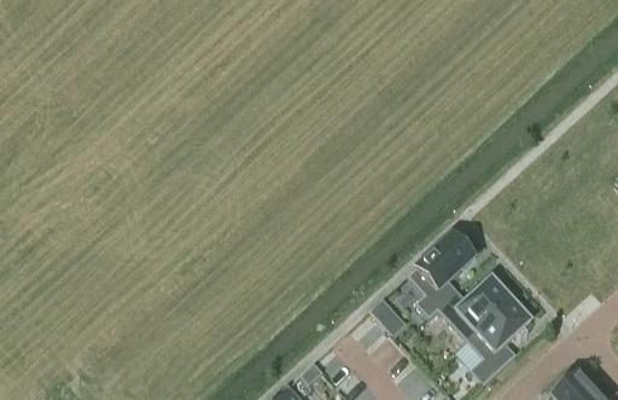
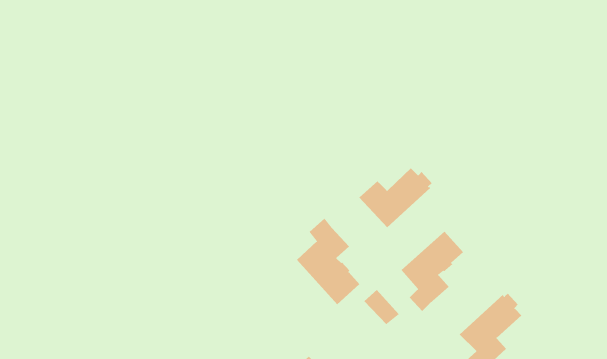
building: none -> [296,218,360,305]
building: [437,278,512,340] -> [358,168,432,228]

